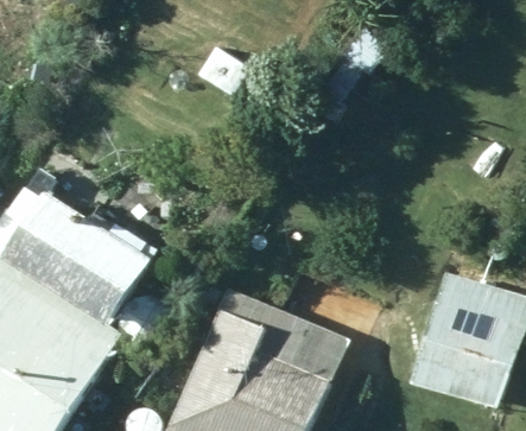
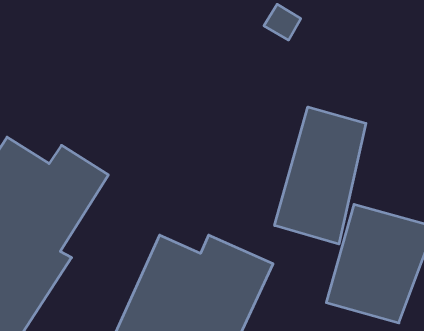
building: none -> [275,107,366,244]

